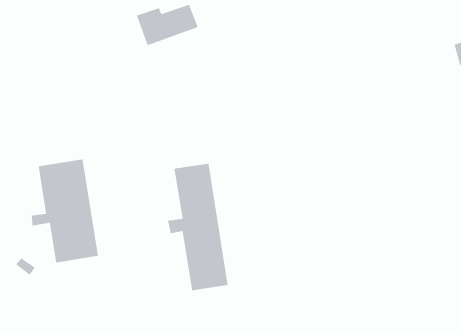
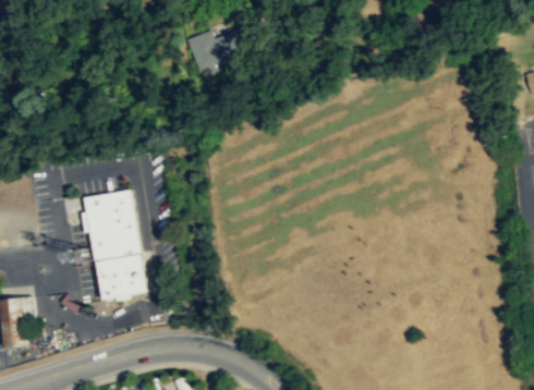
building: [167,163,229,291] -> none

